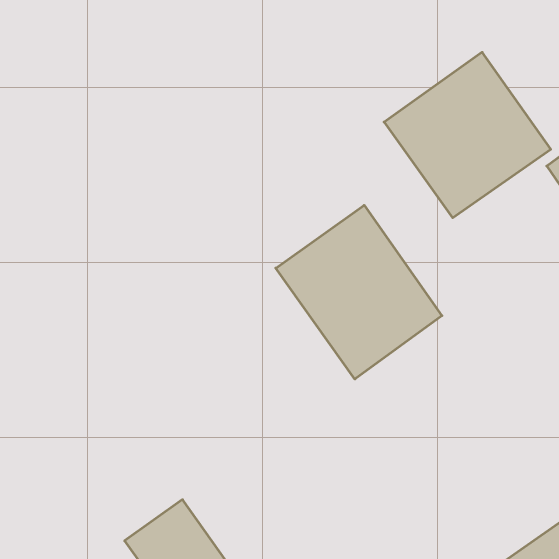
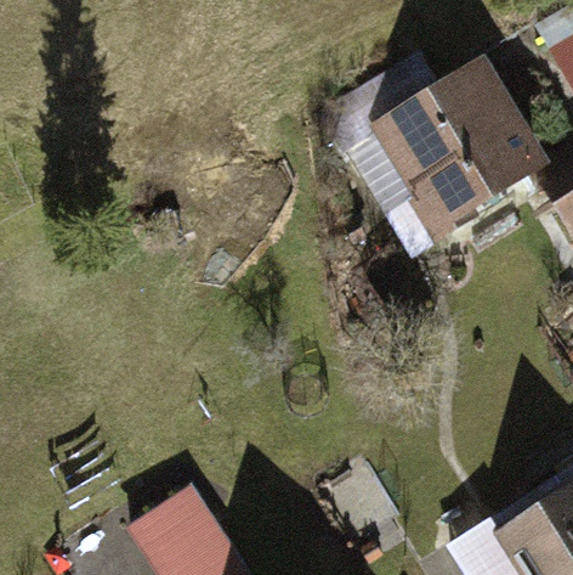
building: [276,205,442,379] -> none

